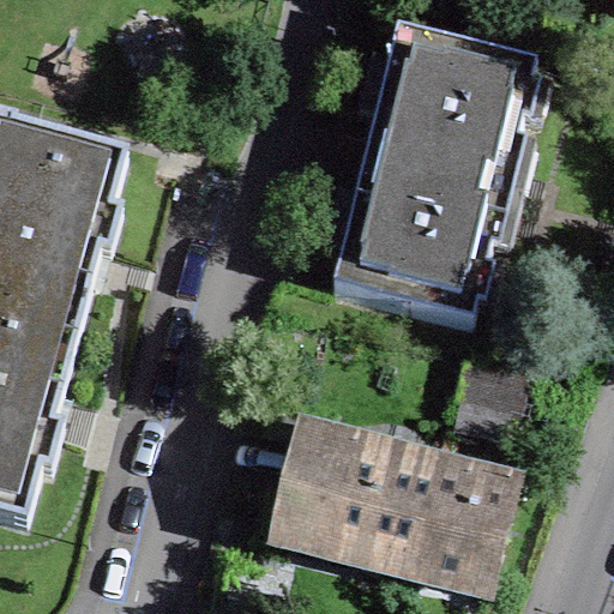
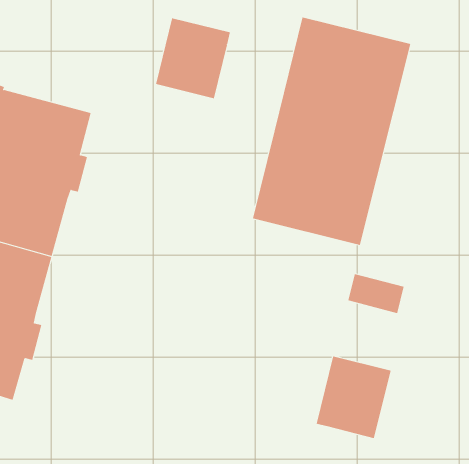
building: none -> [156,17,231,99]
building: [275,425,427,565] -> none

